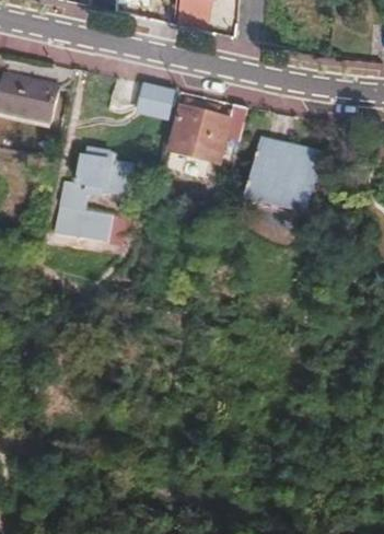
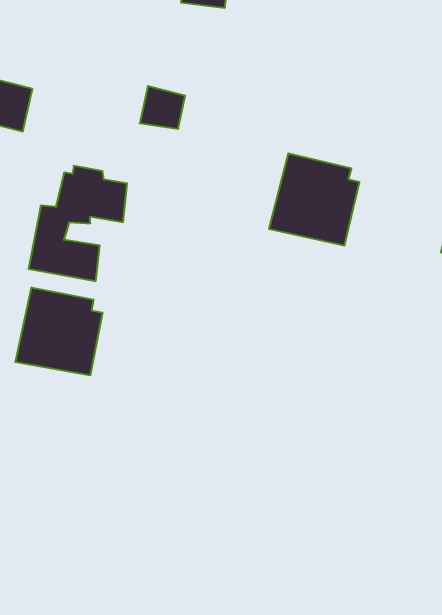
building: [171,97,247,163] -> none
building: none -> [15,287,102,375]

